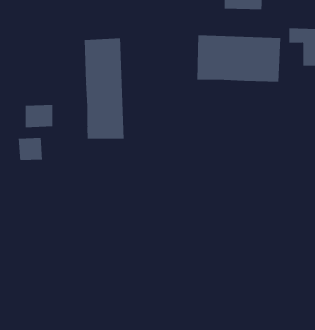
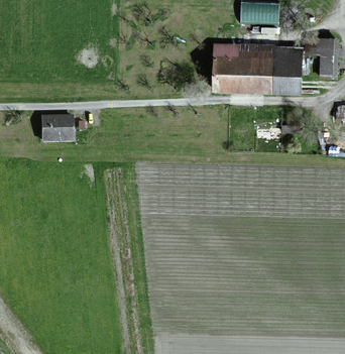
building: [84,38,124,140] -> none
building: [18,137,43,161] -> none

